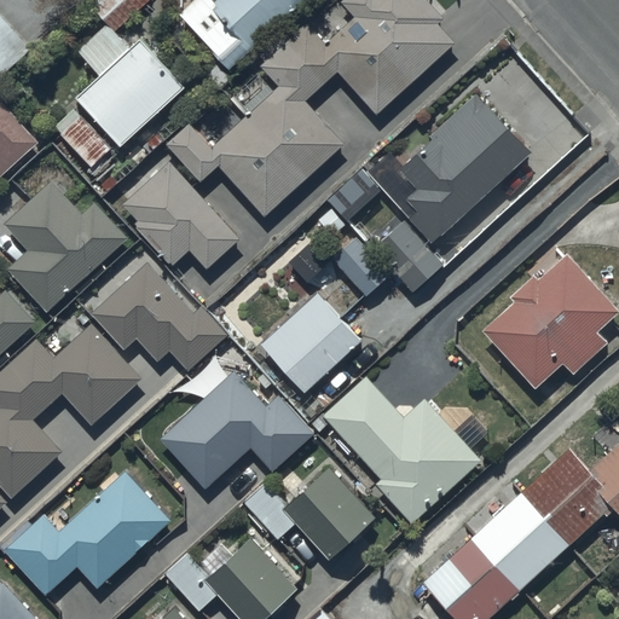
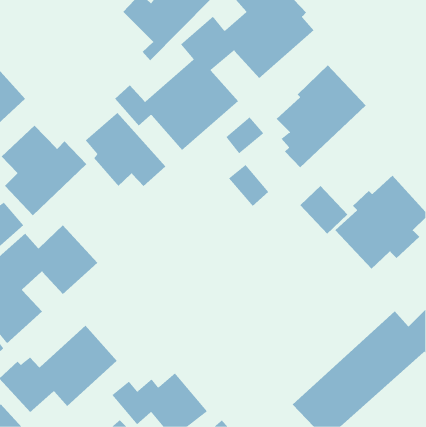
building: [53,13,184,167] -> none
building: [371,220,441,291] -> [300,185,348,235]
building: [74,245,226,370] -> none
building: [260,294,360,393] -> none
building: [157,370,314,490] -> none
building: [320,375,481,525] -> none
building: [242,468,375,563] -> none

